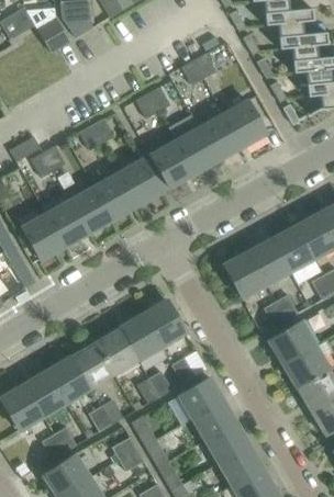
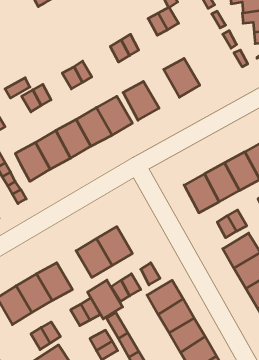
building: [223,101,266,146] -> none
building: [175,127,218,173] -> none
building: [143,300,186,346] -> none
building: [71,342,113,388] -> [88,280,123,319]

